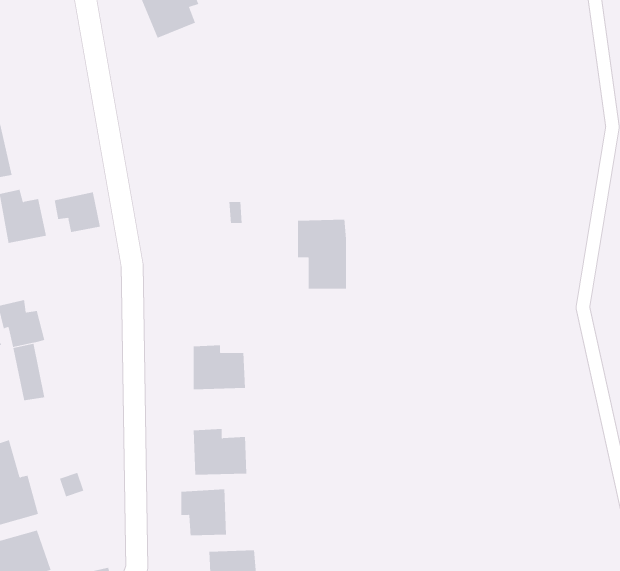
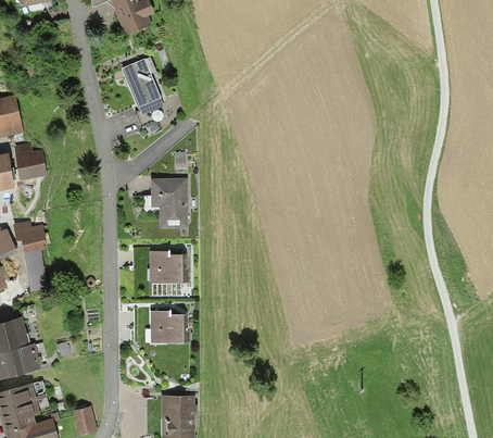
building: none -> [119,57,162,113]
building: [54,191,100,233] -> none
building: [297,219,347,289] -> [151,179,186,228]
building: [181,488,226,536] -> none

